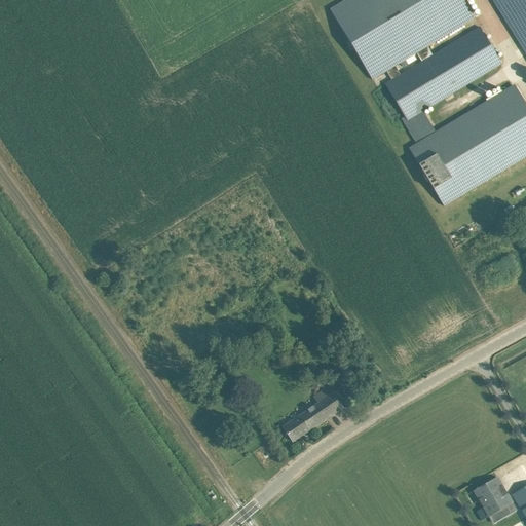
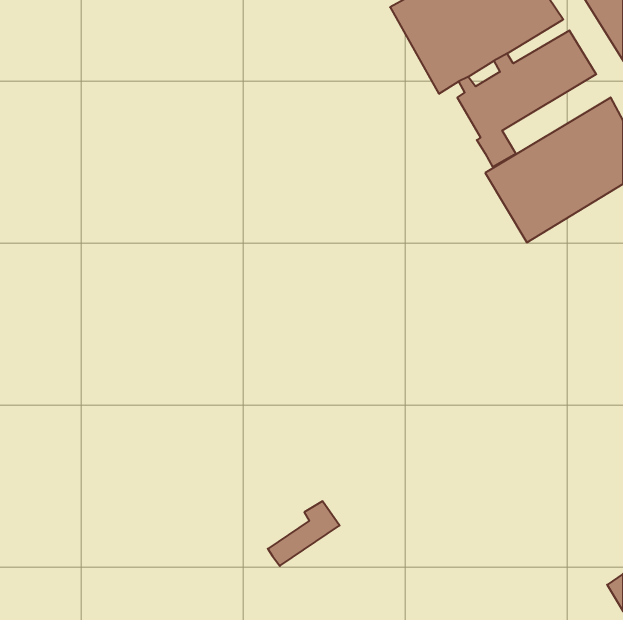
building: [283,385,343,440] -> [268,501,340,566]
building: [474,476,513,515] -> none

